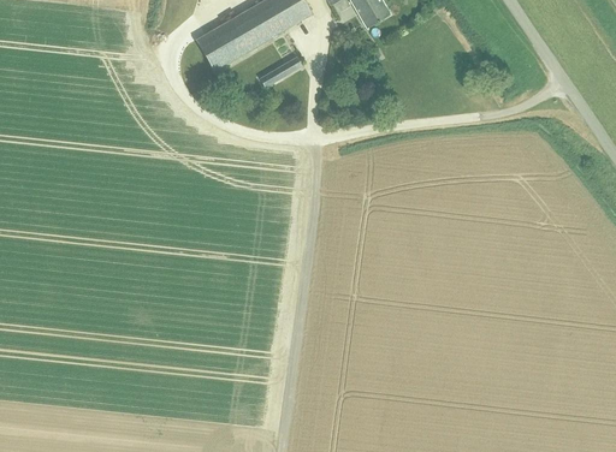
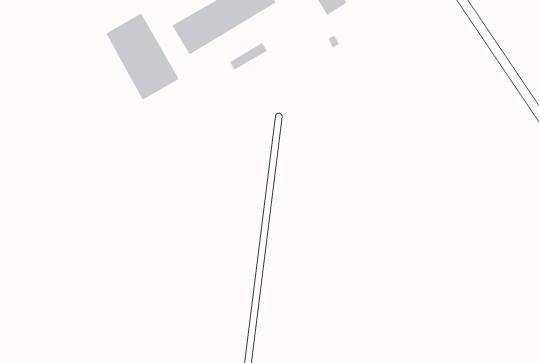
building: none -> [106,12,180,100]

